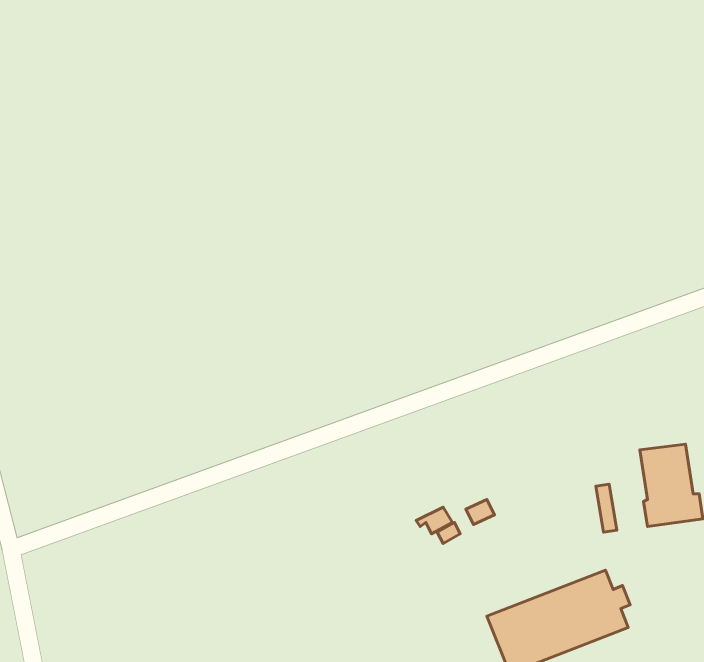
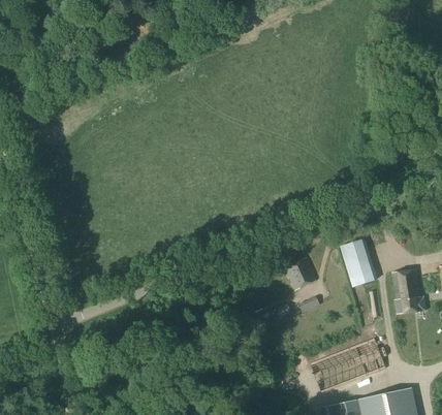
building: none -> [339,240,375,287]
building: none -> [284,258,315,290]

